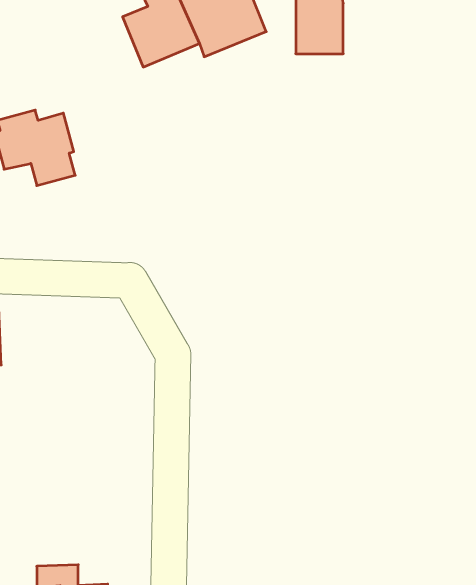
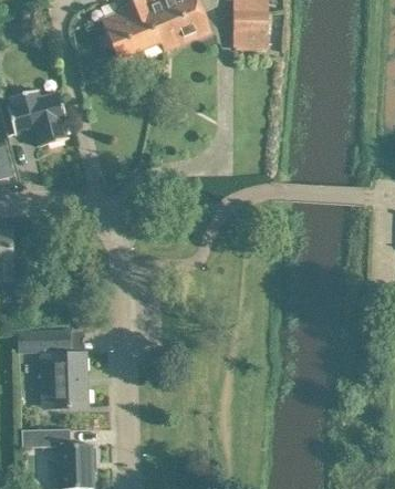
building: none -> [17,331,86,408]

